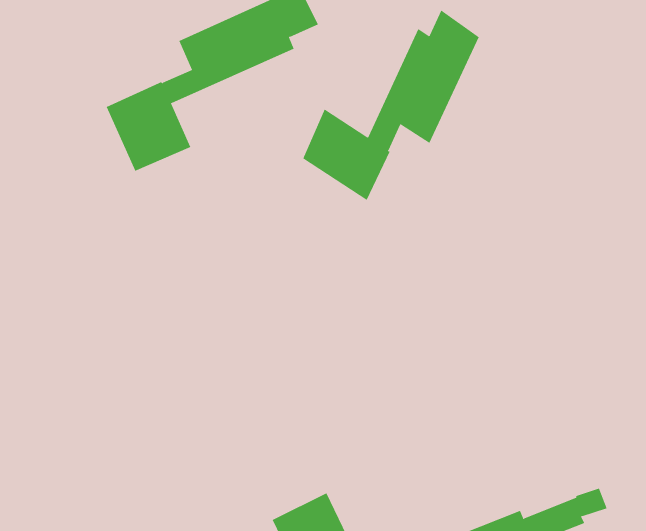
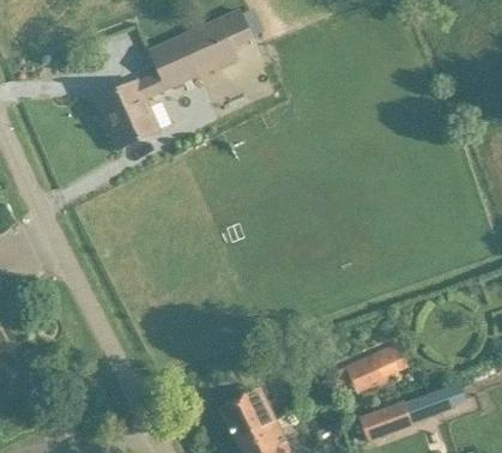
building: [303,10,480,201] -> none
building: none -> [332,344,406,393]

